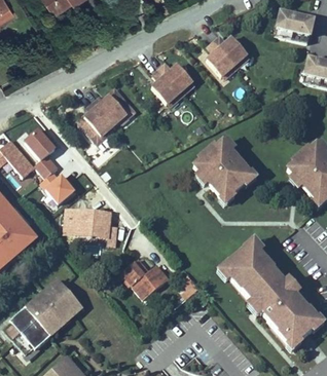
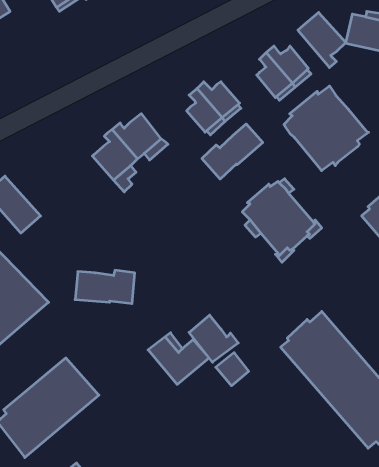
building: none -> [298,12,346,68]
building: none -> [284,86,369,171]
building: none -> [202,124,263,179]
building: [22,128,75,206] -> none
building: none -> [189,315,238,362]

